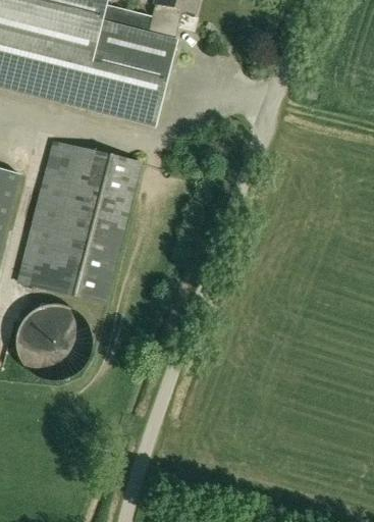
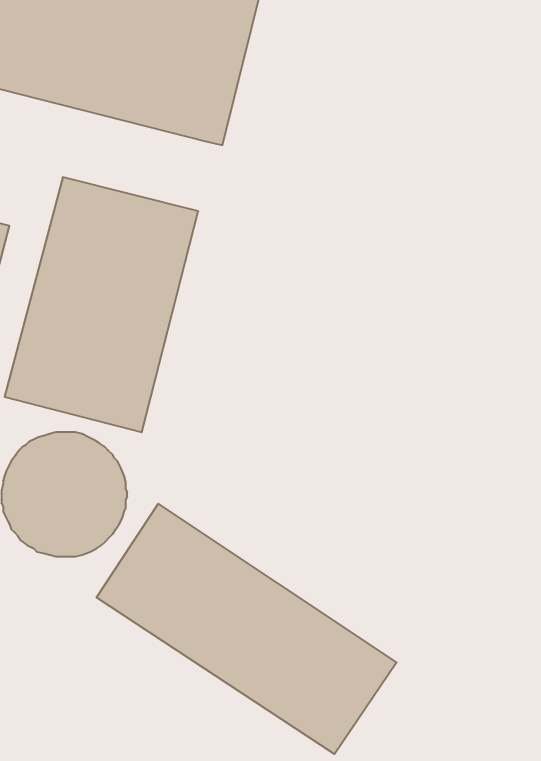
building: none -> [97,504,397,754]

